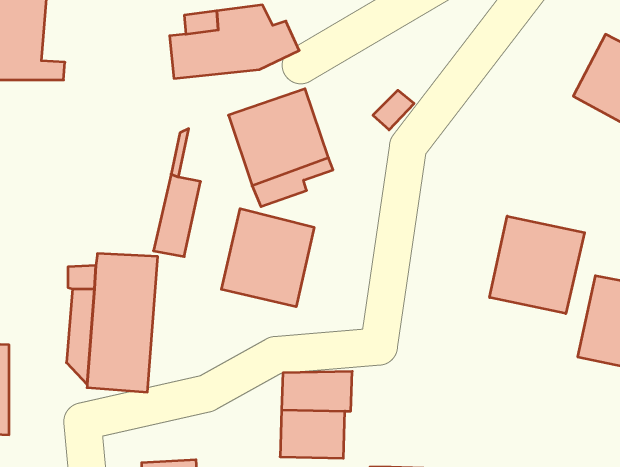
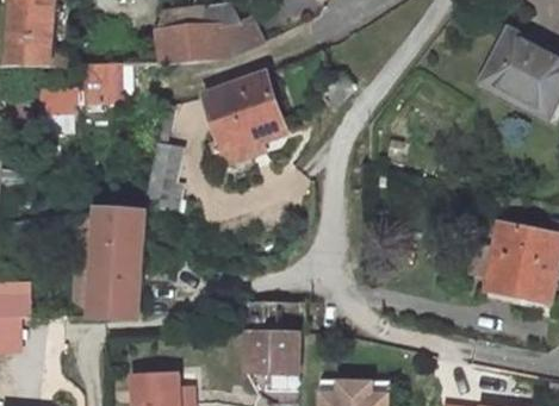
building: none -> [41,65,120,113]
building: [221,209,314,307] -> none
building: [490,216,585,314] -> none

